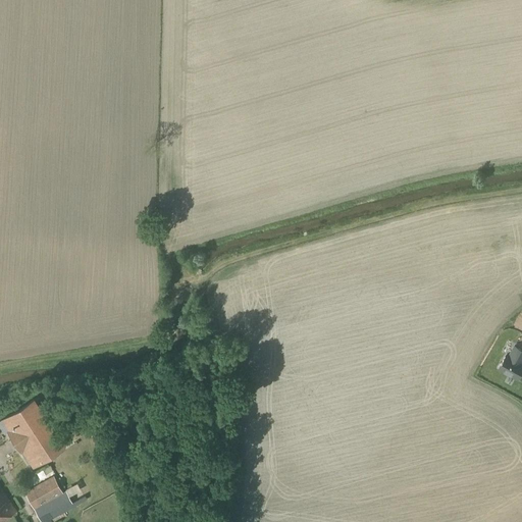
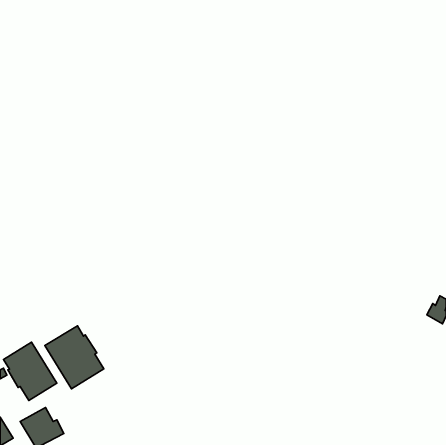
building: none -> [45,326,104,389]

